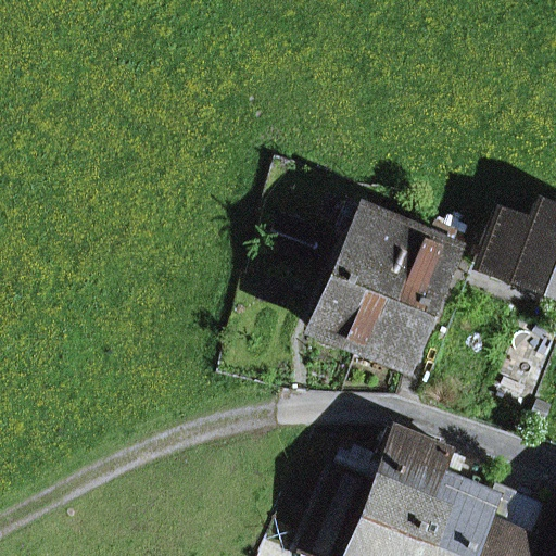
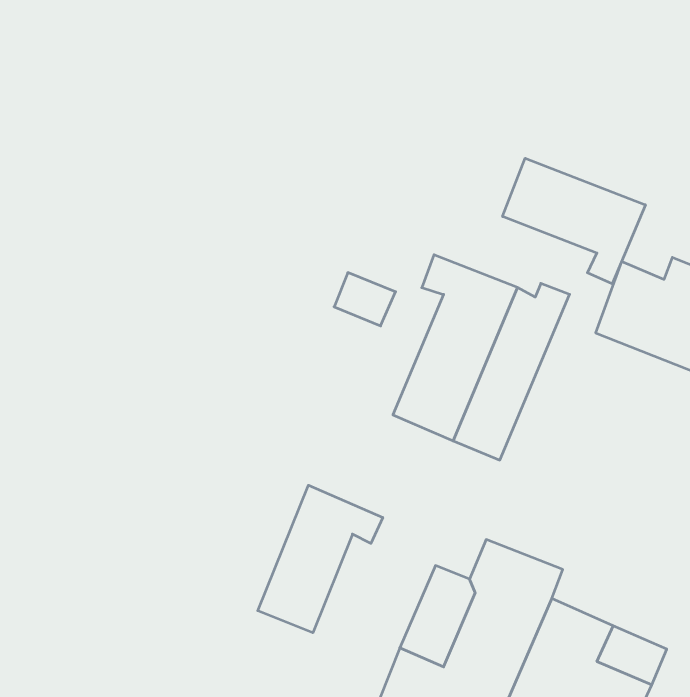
building: none -> [503,158,645,284]
building: none -> [258,485,383,633]

